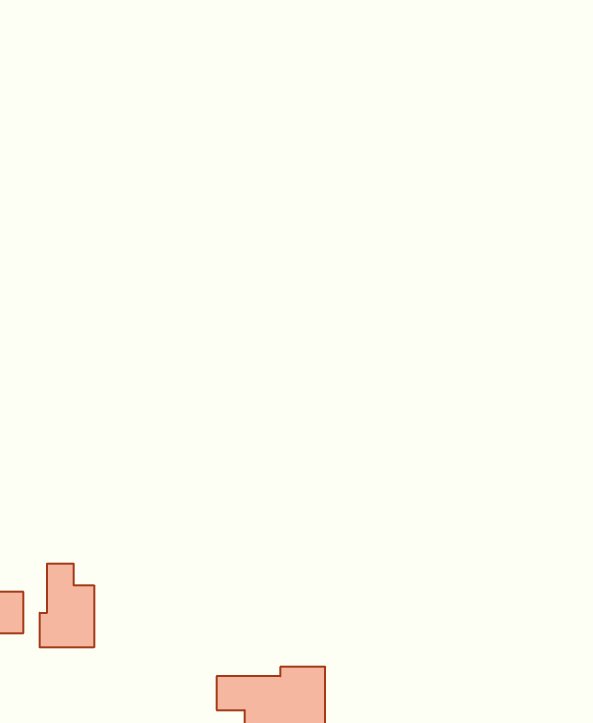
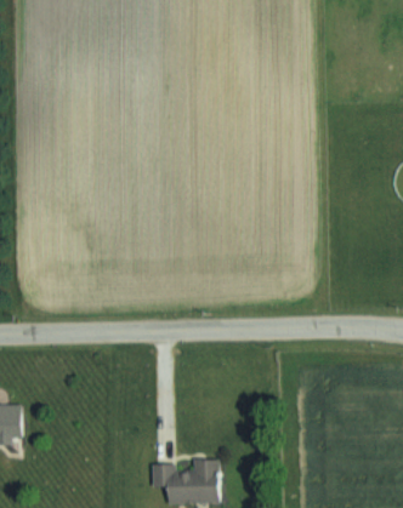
building: [40,564,94,647] -> none

